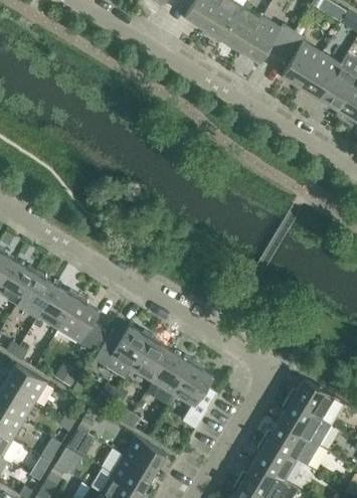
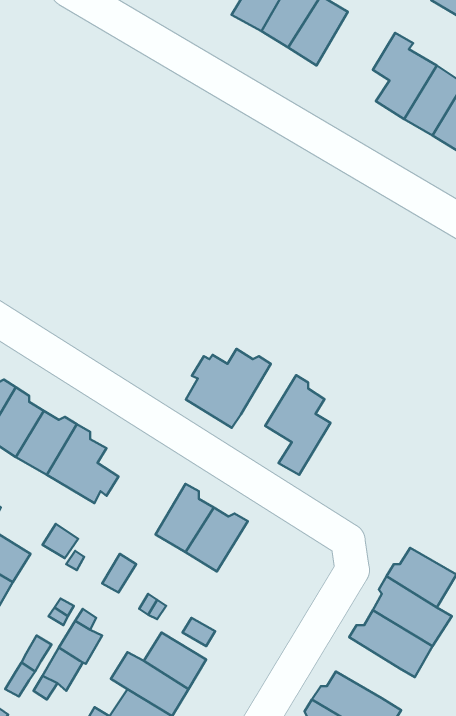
building: [240,16,294,63] -> none
building: [95,325,152,378] -> [186,349,271,428]
building: [173,360,217,428] -> [265,375,331,475]
building: [253,439,297,480] -> none

